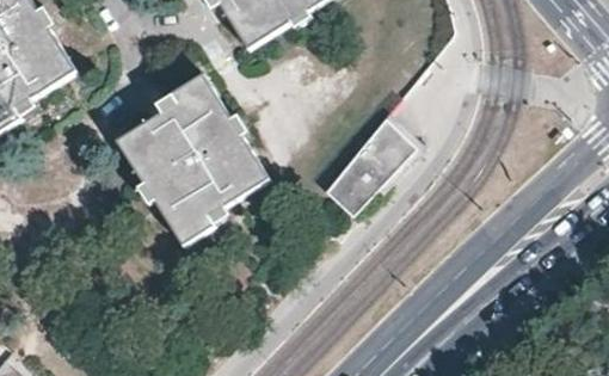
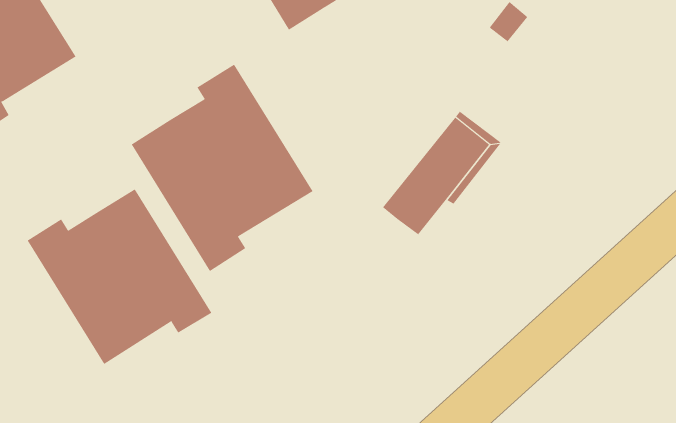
building: none -> [27,189,212,365]

